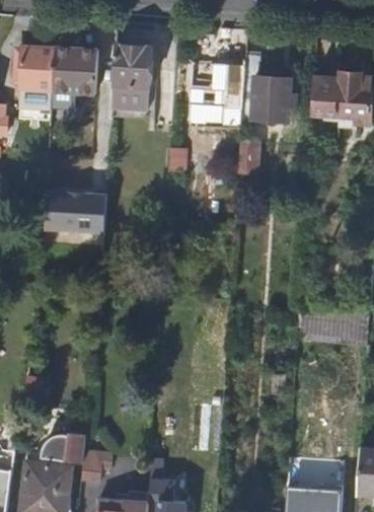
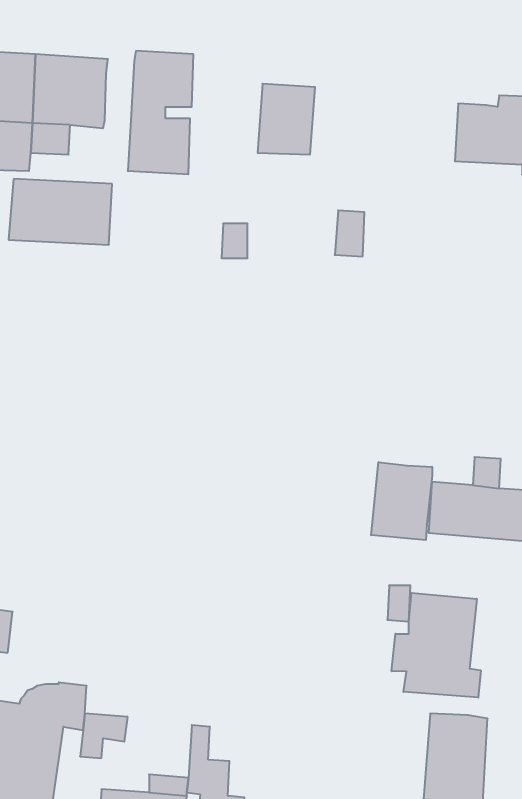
building: [242,57,297,124] -> none
building: [43,192,106,232] -> [9,179,112,245]
building: none -> [371,462,432,540]
building: none -> [392,593,481,698]

